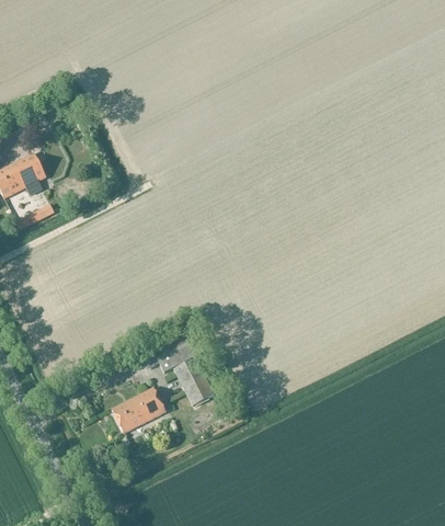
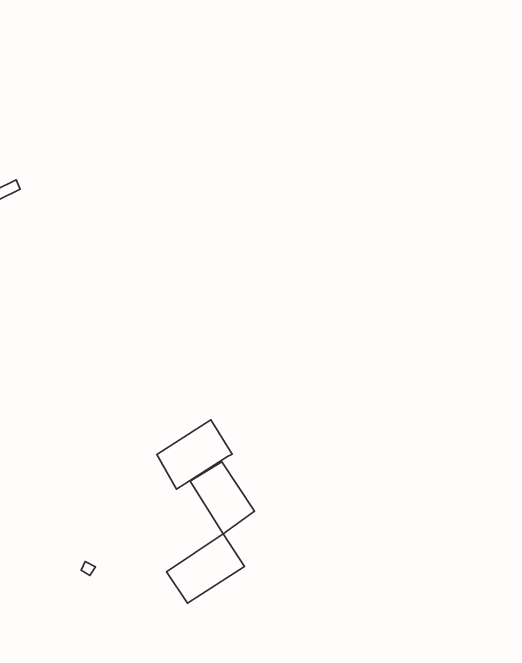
building: [112,388,166,433] -> [166,534,244,603]

